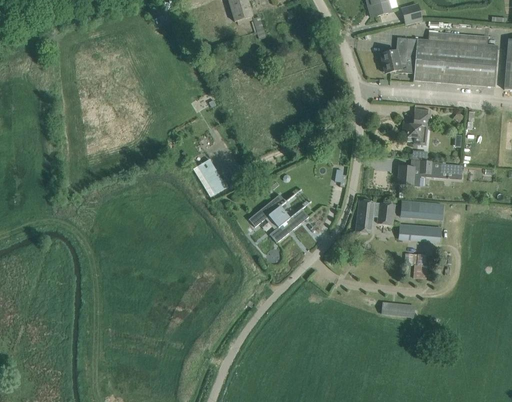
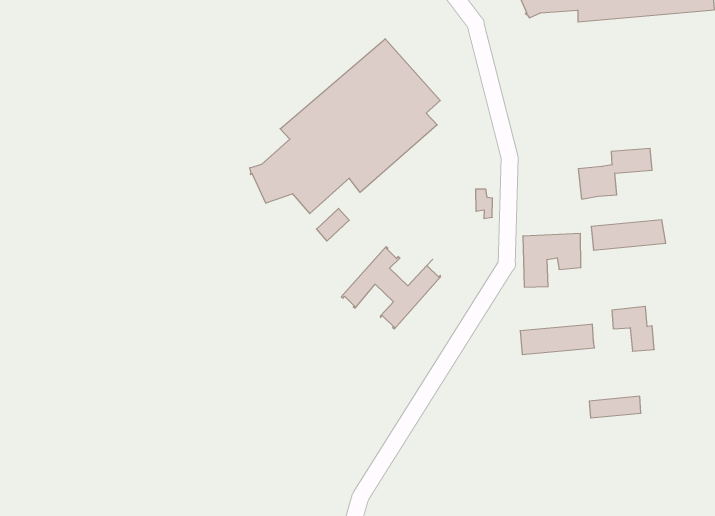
building: none -> [250,39,440,214]
building: [402,108,430,144] -> none
building: [193,158,226,196] -> none
building: [398,224,442,241] -> [520,324,595,355]

